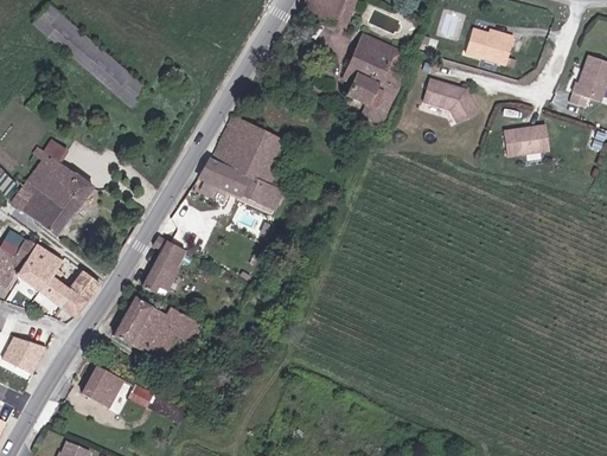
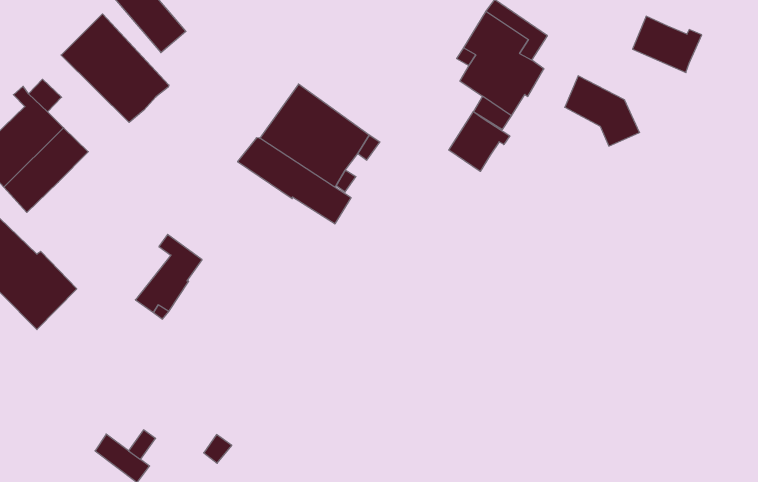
building: none -> [61,14,169,122]
building: none -> [449,111,510,171]
building: [506,124,551,156] -> none
building: [113,296,202,360] -> none
building: [81,365,122,407] -> none

